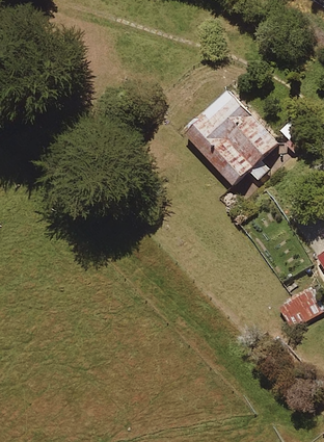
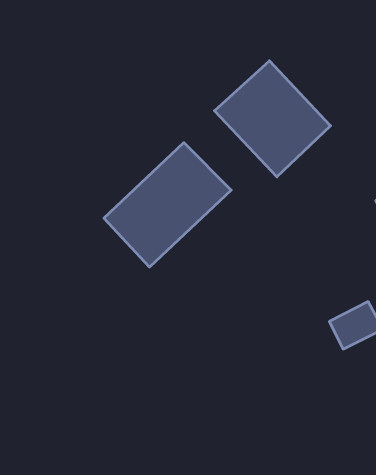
building: none -> [104,143,231,267]

